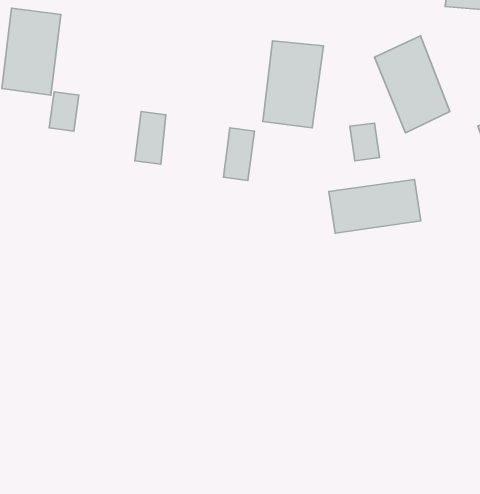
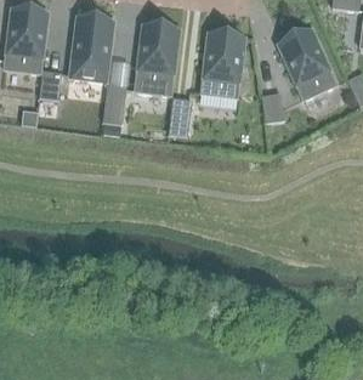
building: none -> [69,17,113,81]
building: none -> [134,24,178,95]
building: [329,179,421,233] -> none

